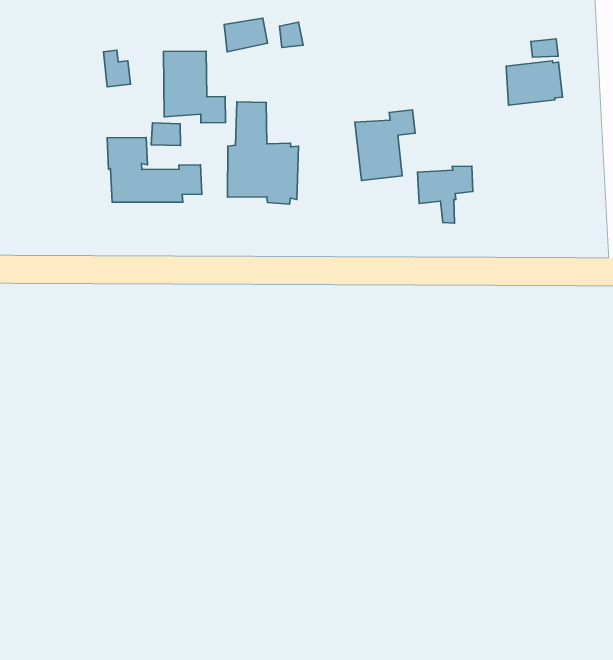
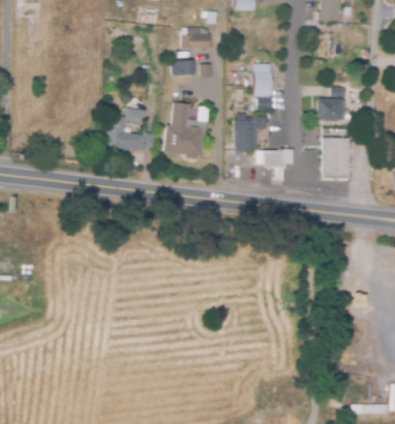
building: none -> [254,71,271,109]
building: [163,51,225,123] -> none
building: none -> [324,137,348,177]

